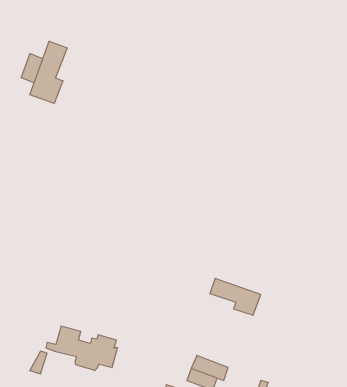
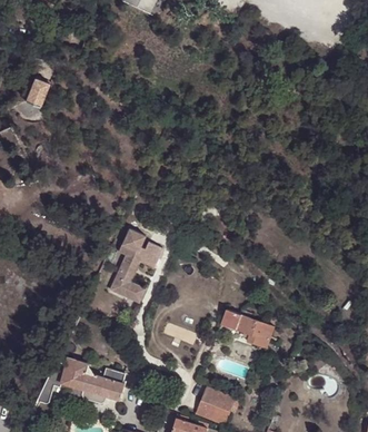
building: [30,41,67,103] -> none
building: none -> [112,228,166,303]

